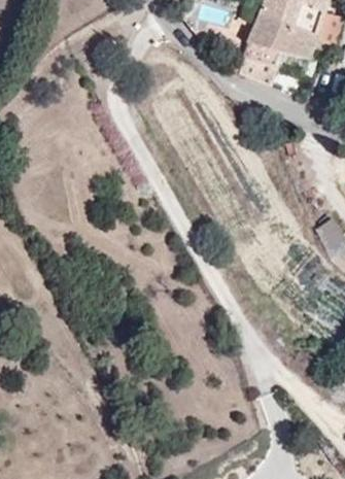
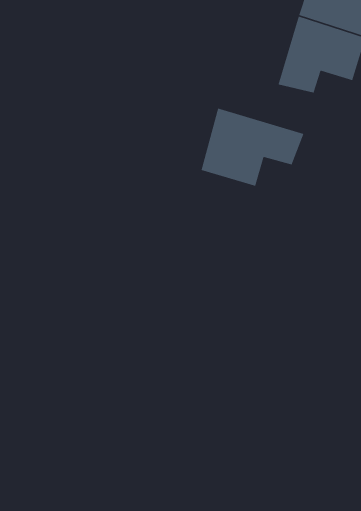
building: none -> [201,108,305,187]

